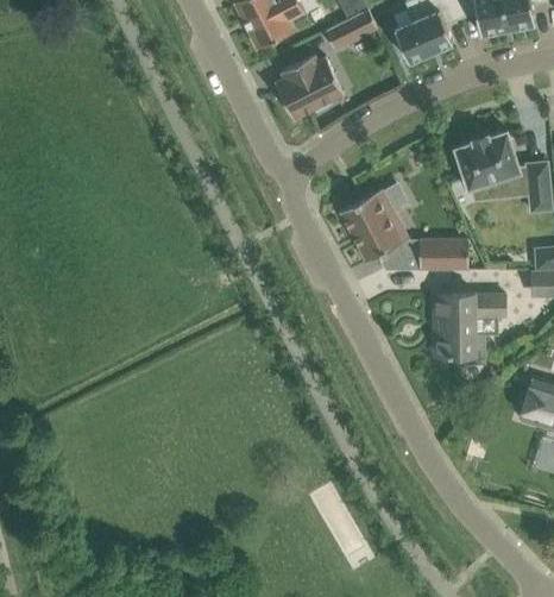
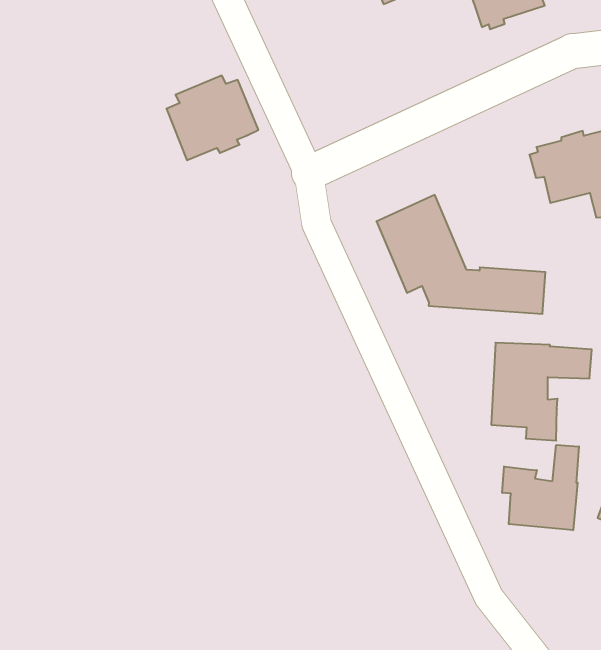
building: [276,55,345,119] -> [166,76,258,160]
building: none -> [502,445,579,530]

